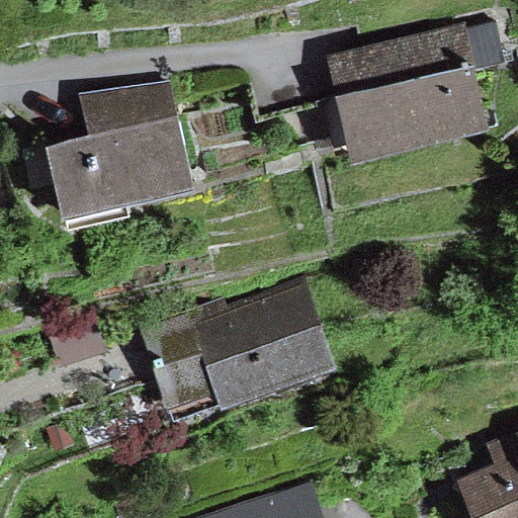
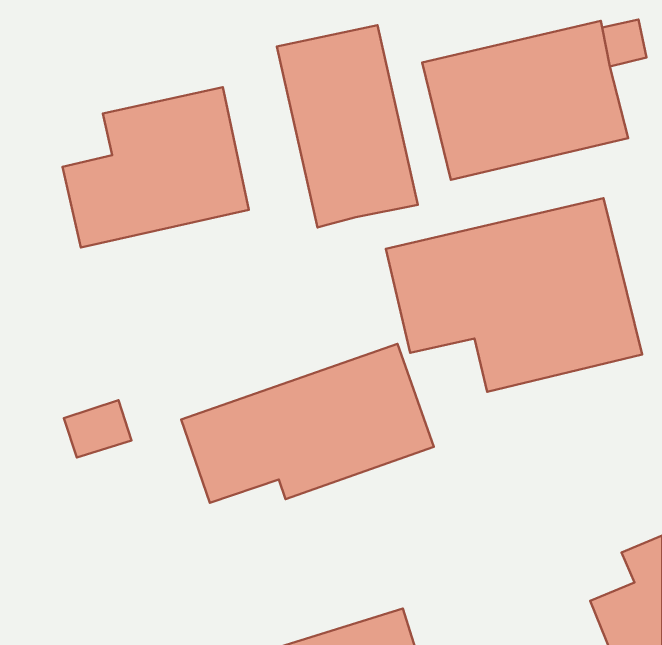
building: none -> [277,25,418,227]
building: none -> [386,198,642,392]

